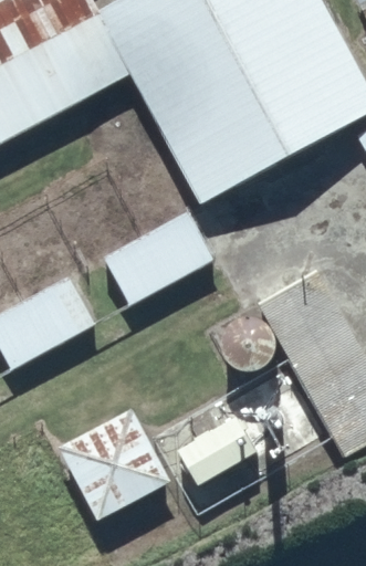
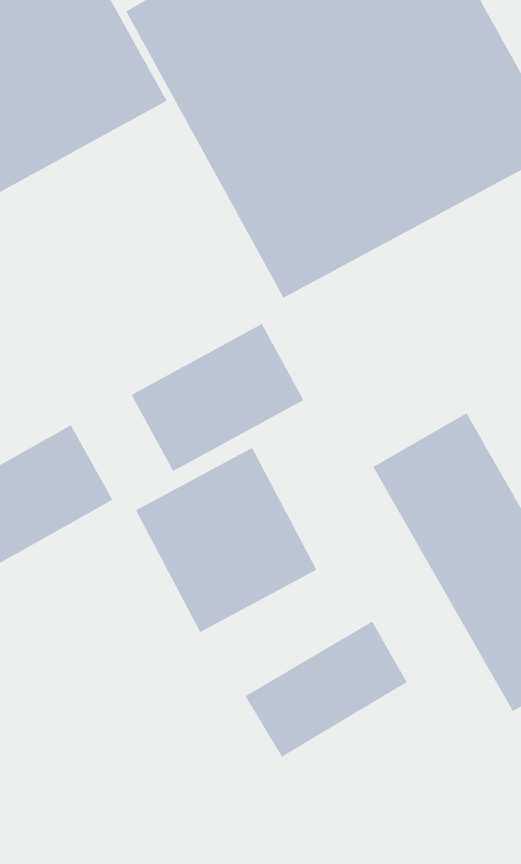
building: [59,403,174,521] -> [135,447,317,633]

